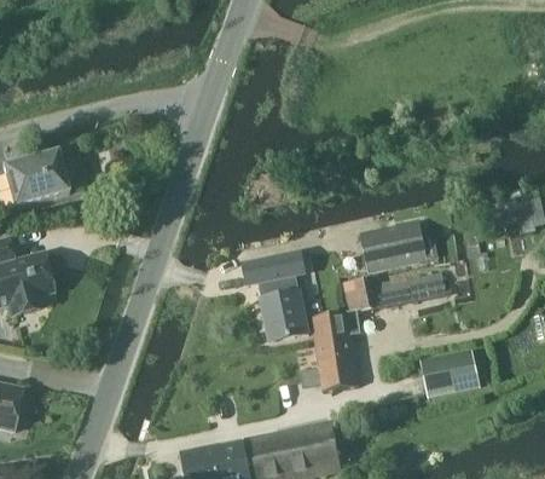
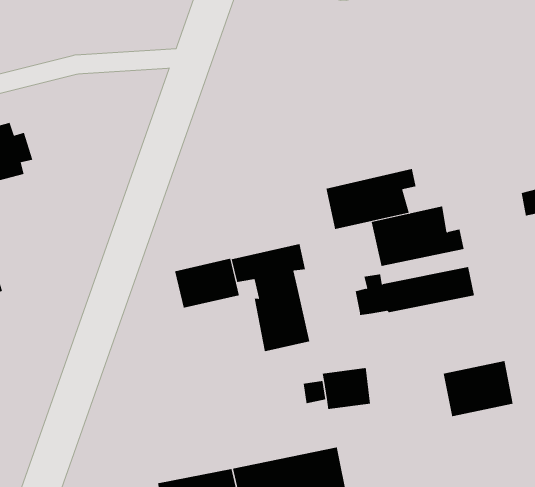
building: none -> [326,168,416,230]
building: none -> [174,258,240,309]
building: [311,310,361,360] -> none

